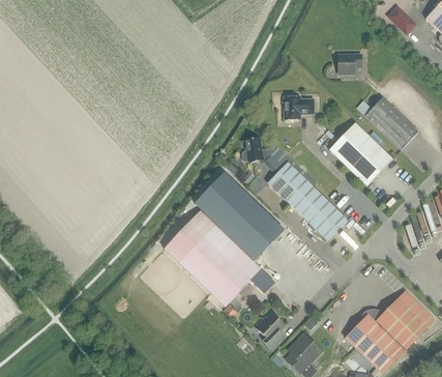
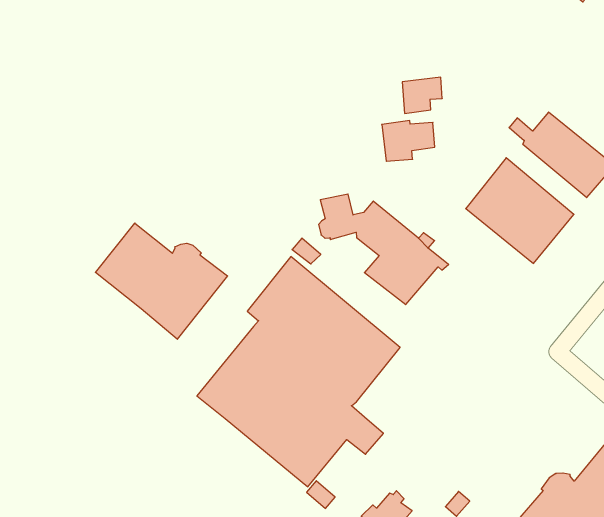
building: [338,54,361,74] -> [402,77,442,113]
building: none -> [95,223,228,339]
building: [290,183,348,240] -> none

